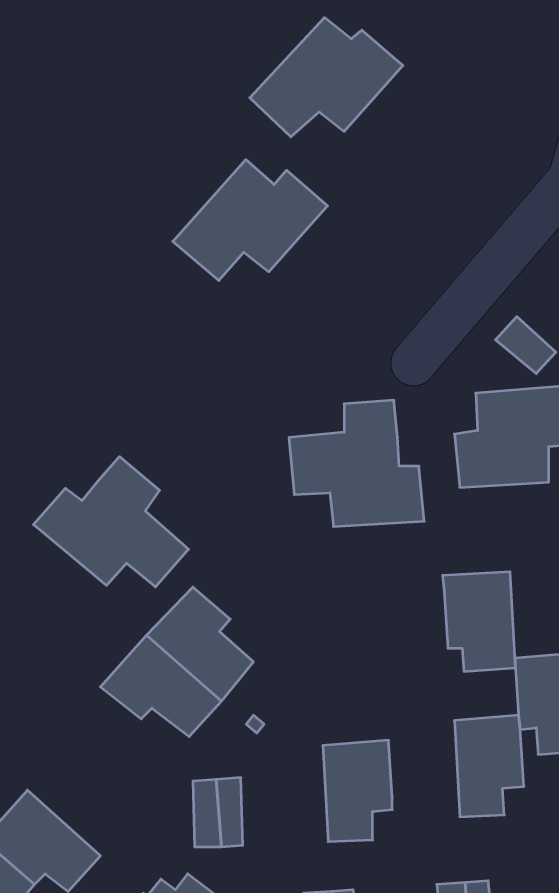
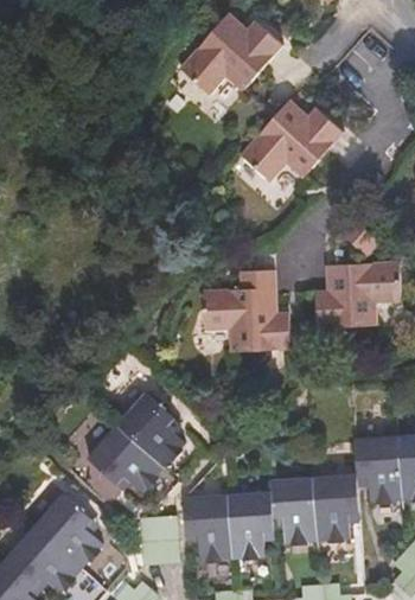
building: [173,160,328,281] -> [241,100,344,180]
building: [33,457,189,587] -> none
building: [443,572,516,671] -> [270,483,319,549]
building: none -> [31,497,103,573]
building: none -> [183,499,231,566]

